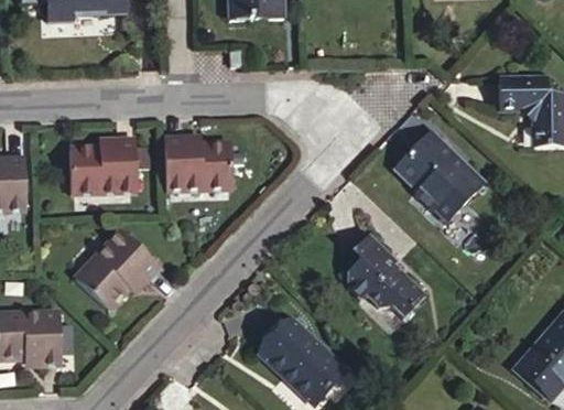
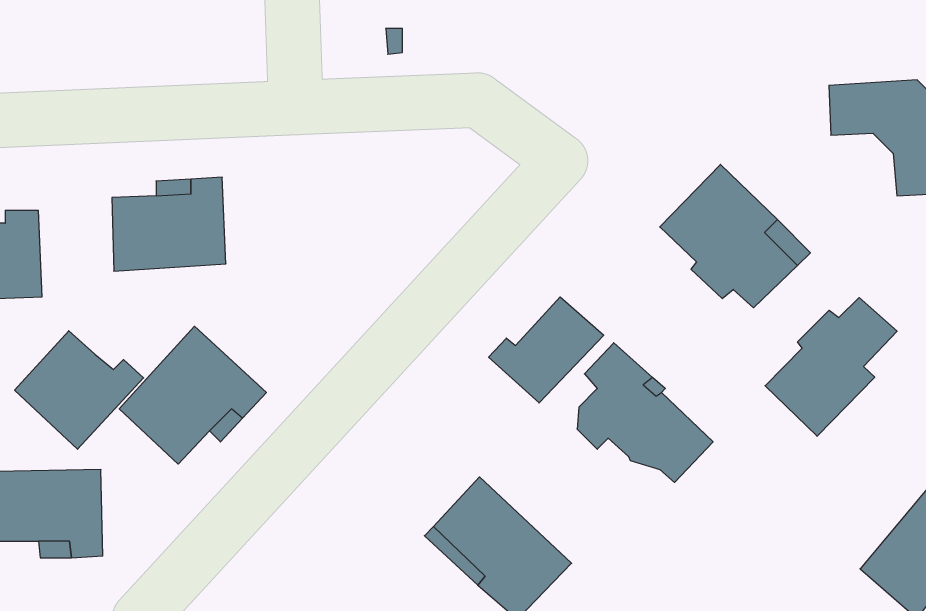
building: [165,134,234,187] -> none
building: none -> [489,297,604,403]
building: none -> [765,298,897,436]
building: none -> [15,331,144,449]

